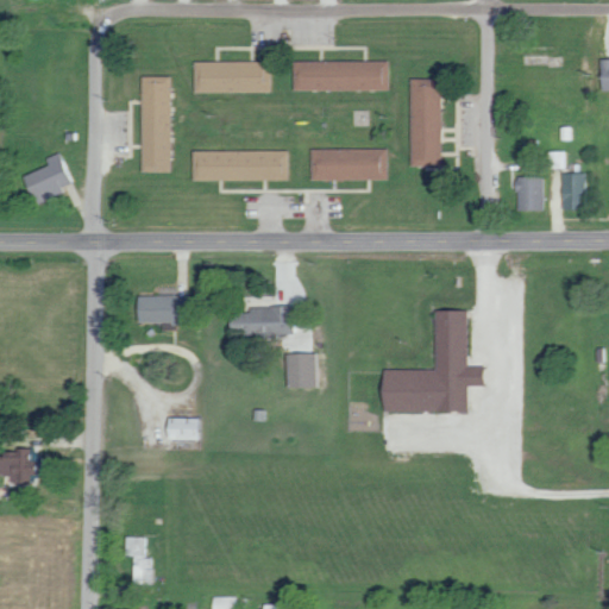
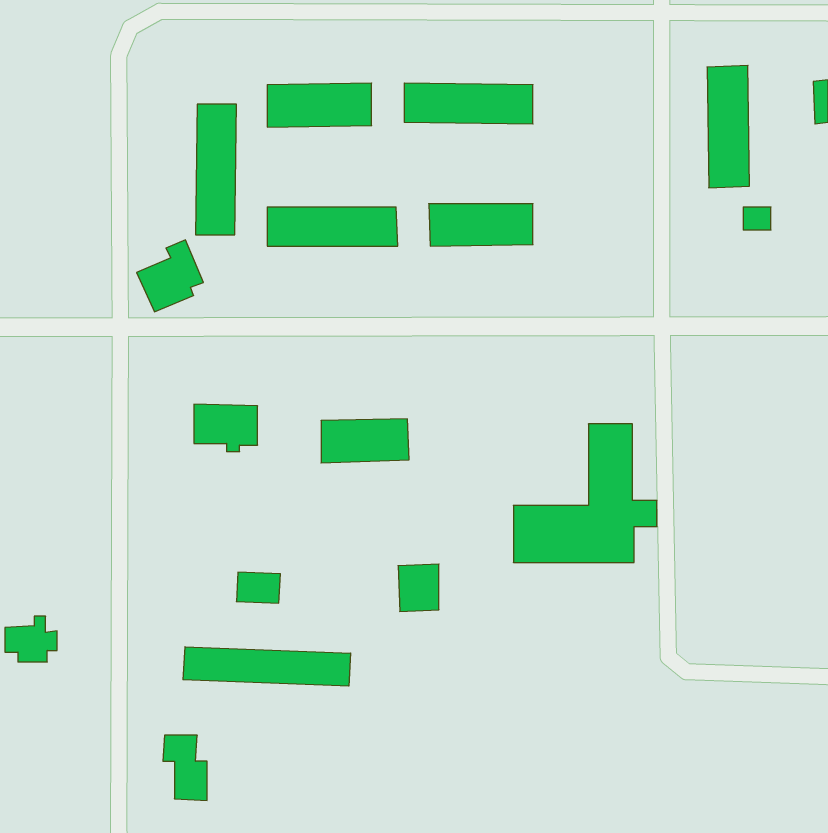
building: [404,77,435,167] -> [707,65,749,188]
building: [25,152,74,205] -> [137,240,203,312]
building: [555,172,580,209] -> none
building: [511,176,538,209] -> none
building: [289,353,319,388] -> [398,564,439,611]
building: none -> [183,647,351,686]

